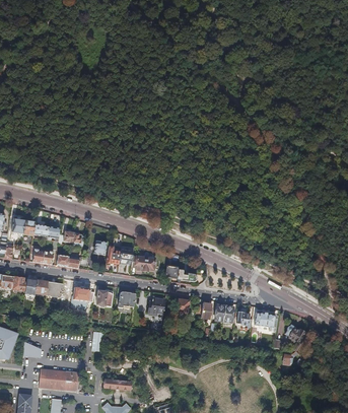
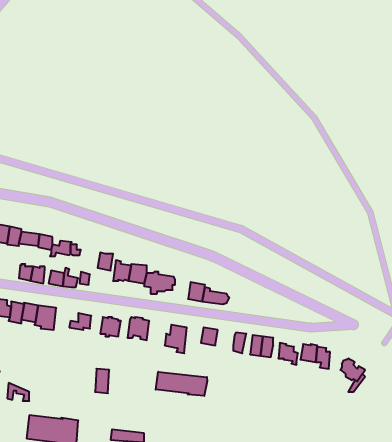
building: none -> [156,372,207,396]

